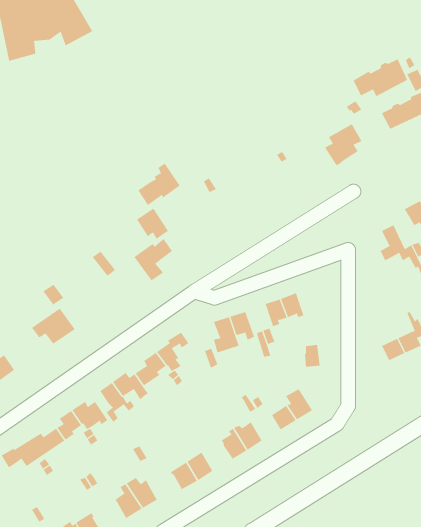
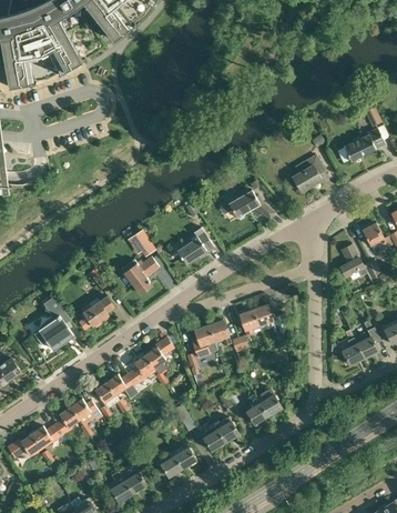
building: [353,58,408,97] -> none
building: none -> [220,188,275,219]
building: [137,163,180,206] -> [176,227,214,264]
building: none -> [80,296,114,326]

